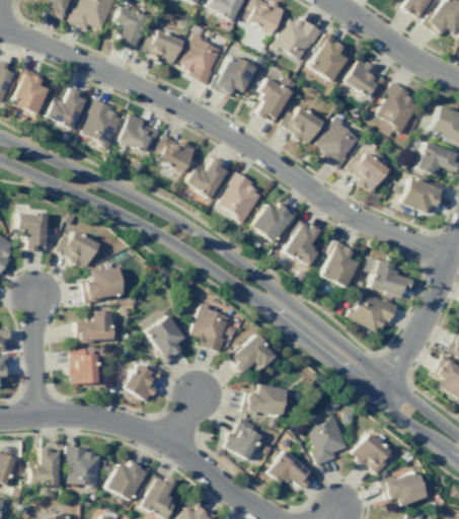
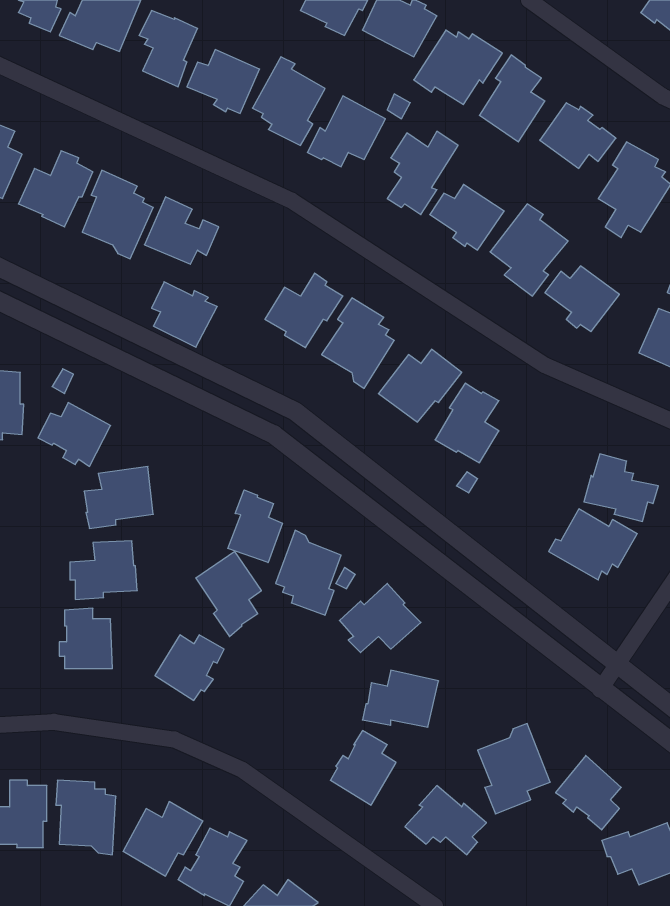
building: [157,134,195,171] -> [152,282,217,347]
building: [321,239,358,287] -> none
building: none -> [228,490,282,563]

